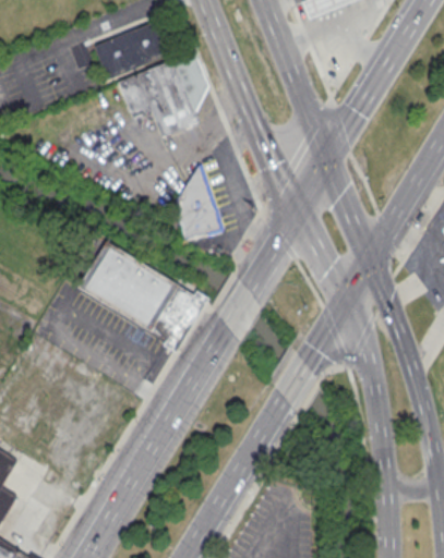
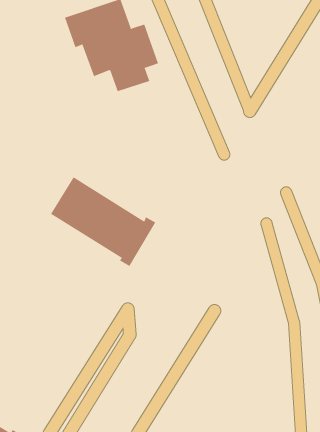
building: [173,163,219,238] -> none

